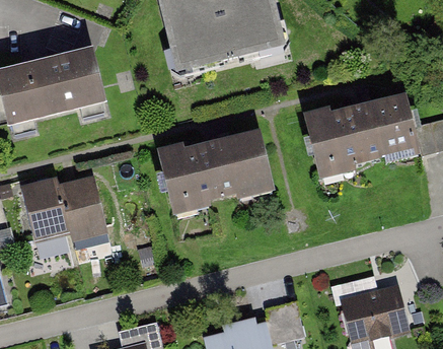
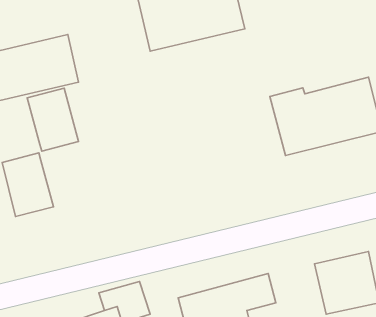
building: [155,131,278,214] -> none
building: [59,174,113,240] -> [27,88,79,151]

